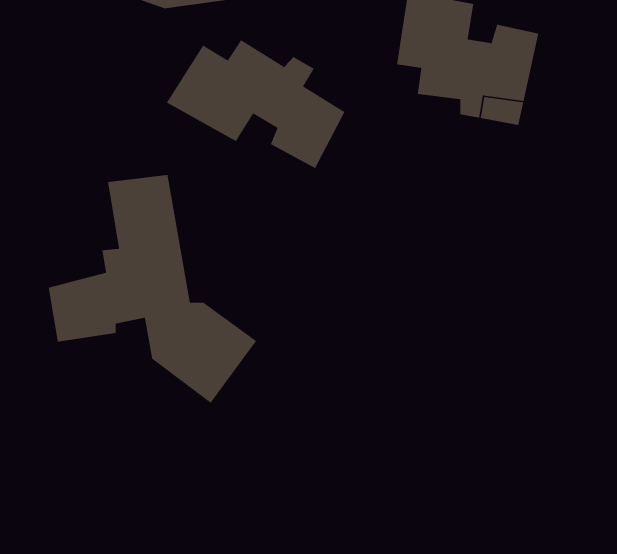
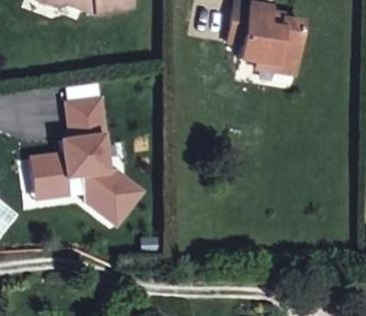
building: [166,39,346,169] -> none

